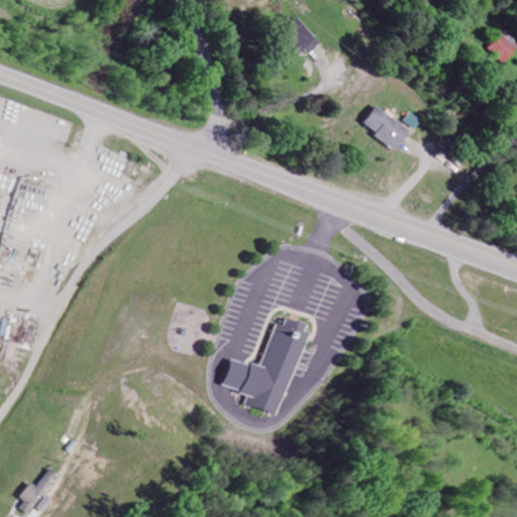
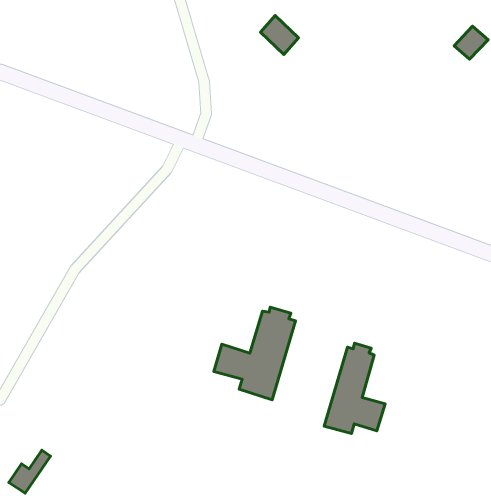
building: [353,104,401,149] -> none
building: none -> [324,343,385,433]

